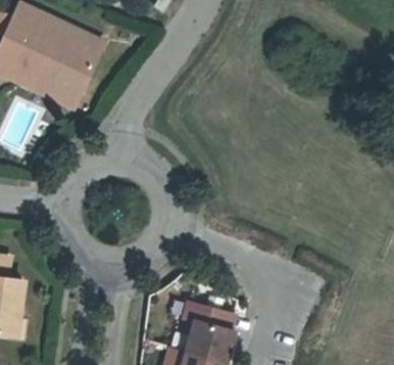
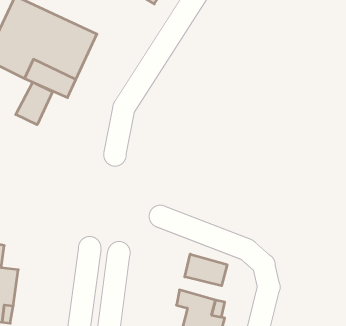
building: none -> [16,82,52,125]
building: none -> [185,254,227,286]

